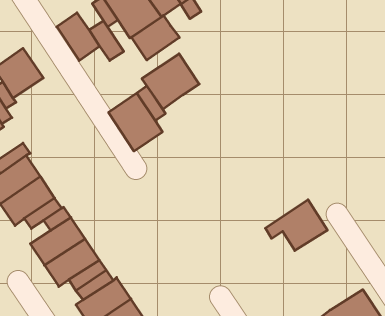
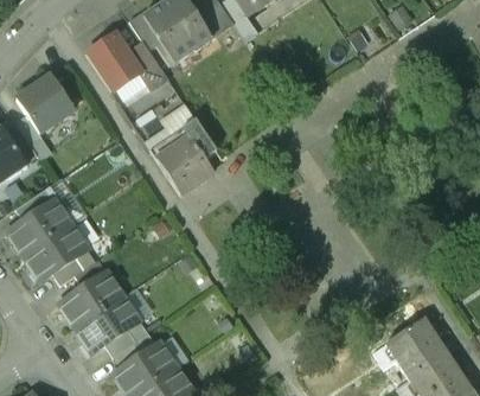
building: [131,15,179,60] -> none
building: [142,54,199,109] -> none
building: [265,200,327,251] -> [375,319,447,378]

